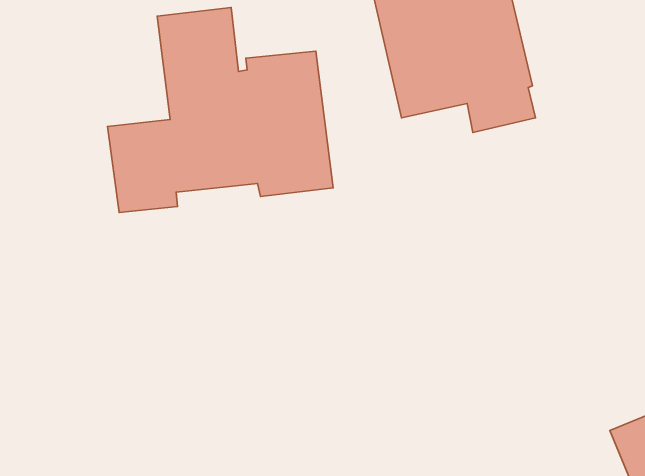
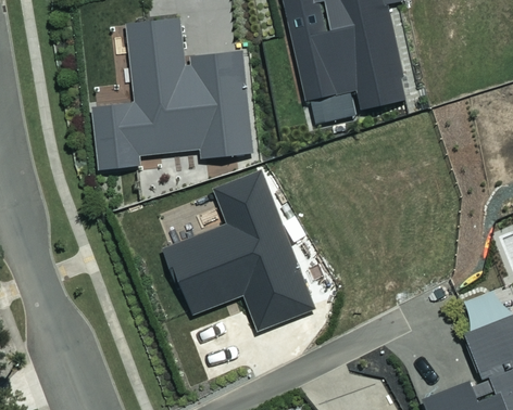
building: none -> [160,169,316,331]

